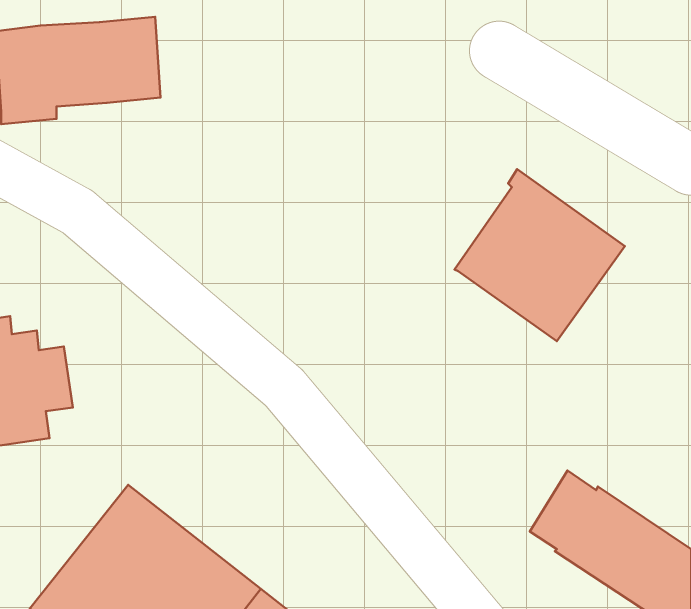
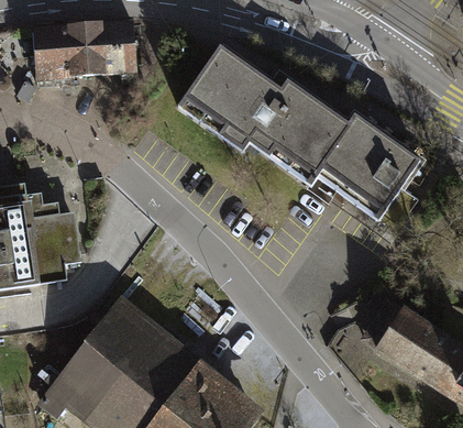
building: none -> [178,45,351,185]

